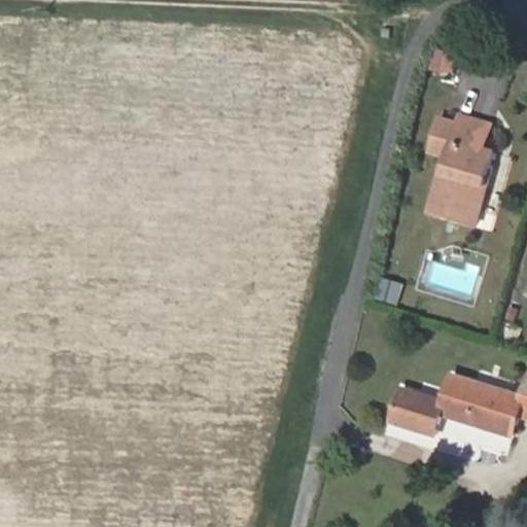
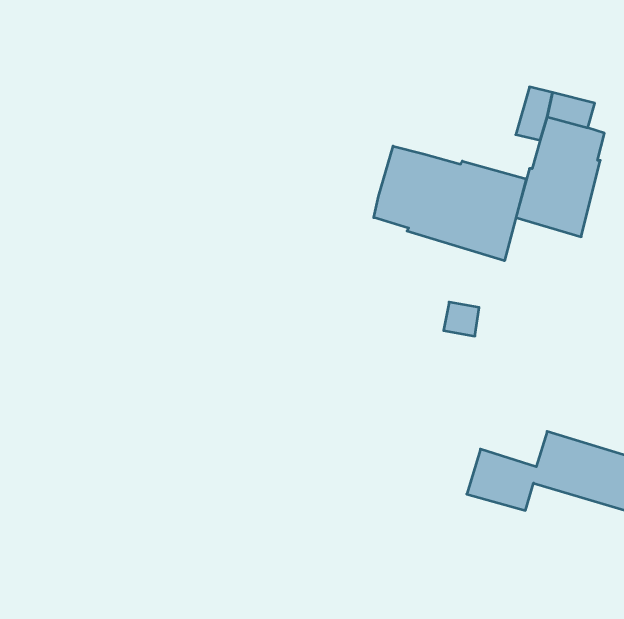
building: none -> [374,146,526,261]

